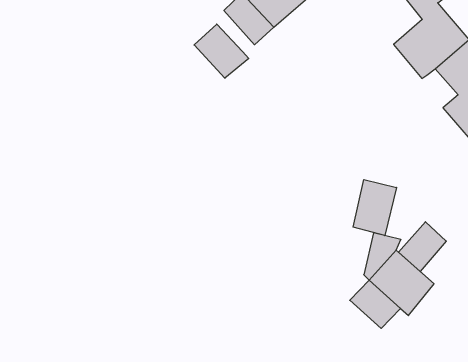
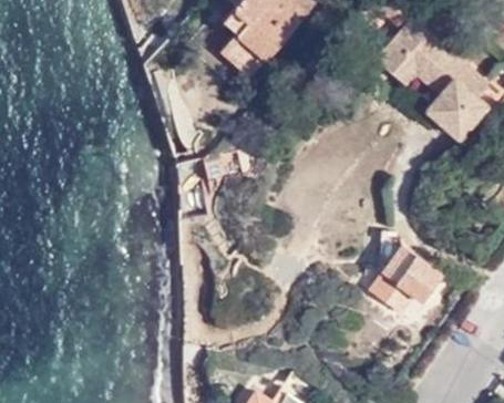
building: [194,24,249,78] -> none
building: [353,180,397,236] -> none
building: [398,222,446,271] -> none

